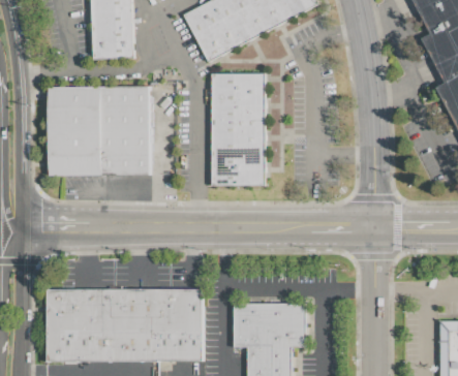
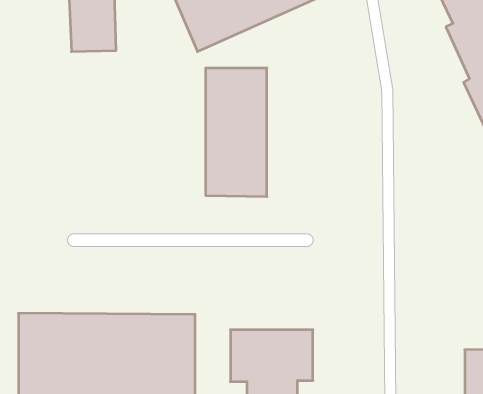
building: [48,86,149,176] -> none

